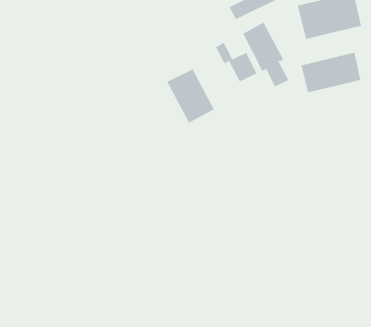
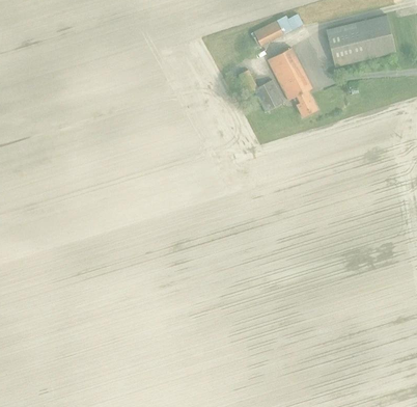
building: [301,52,361,93] -> none
building: [167,68,214,123] -> none

